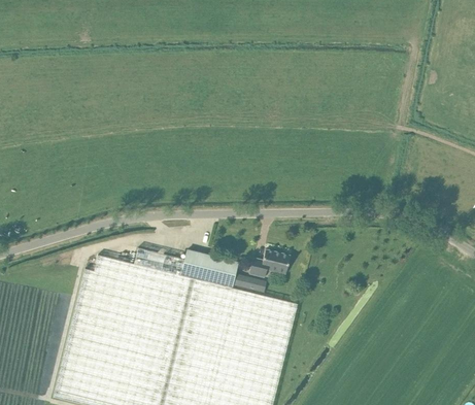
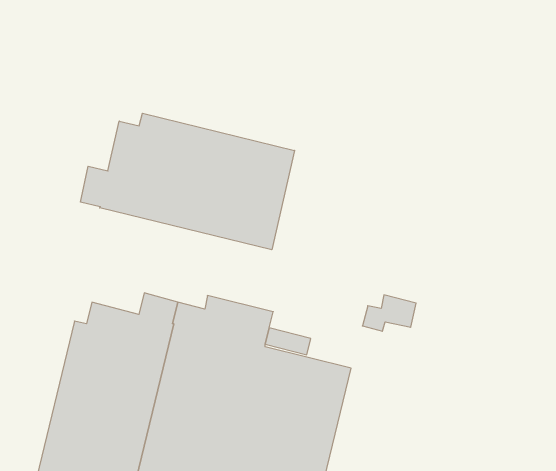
building: none -> [81,113,295,250]
building: [246,250,287,278] -> [362,295,416,331]

